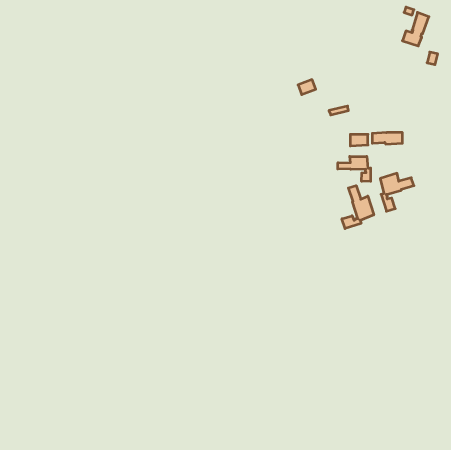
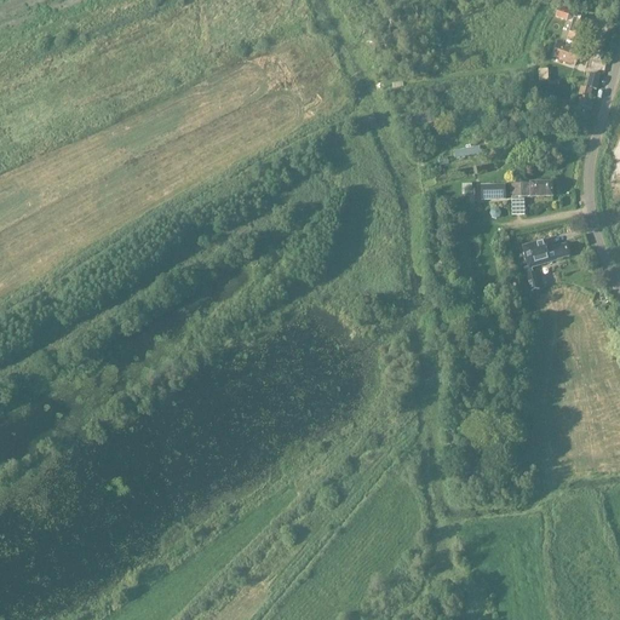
building: [338,156,371,181] -> none
building: [342,186,374,229] -> none

